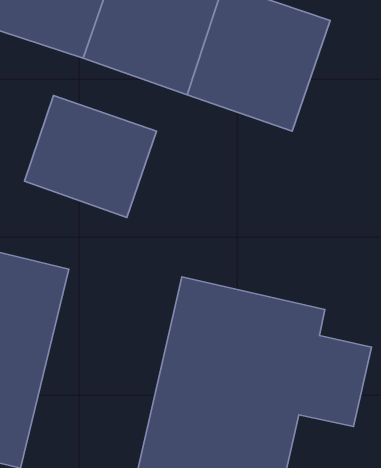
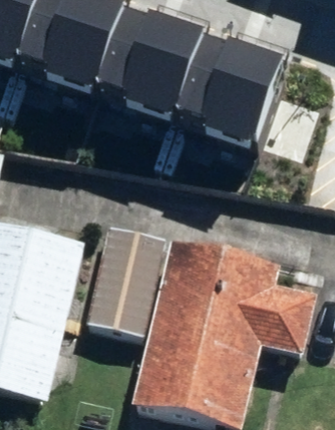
building: [24,96,157,217] -> none
building: none -> [86,223,162,335]

